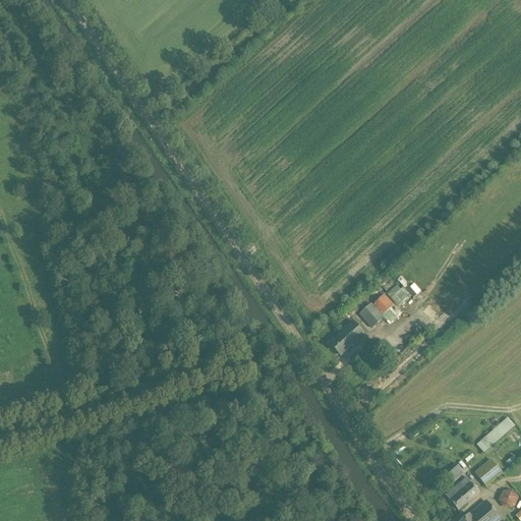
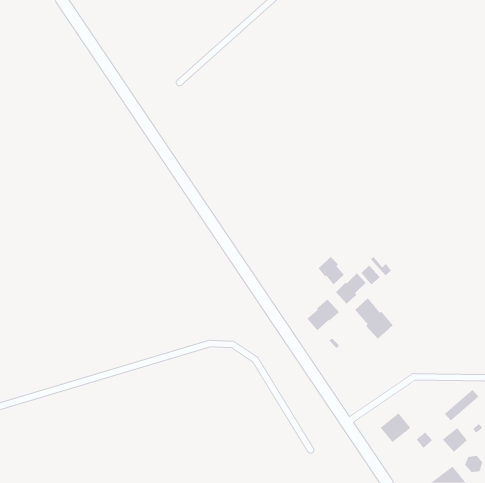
building: none -> [318,256,344,285]
building: none -> [355,297,393,339]
building: [445,476,478,509] -> [380,413,411,443]

